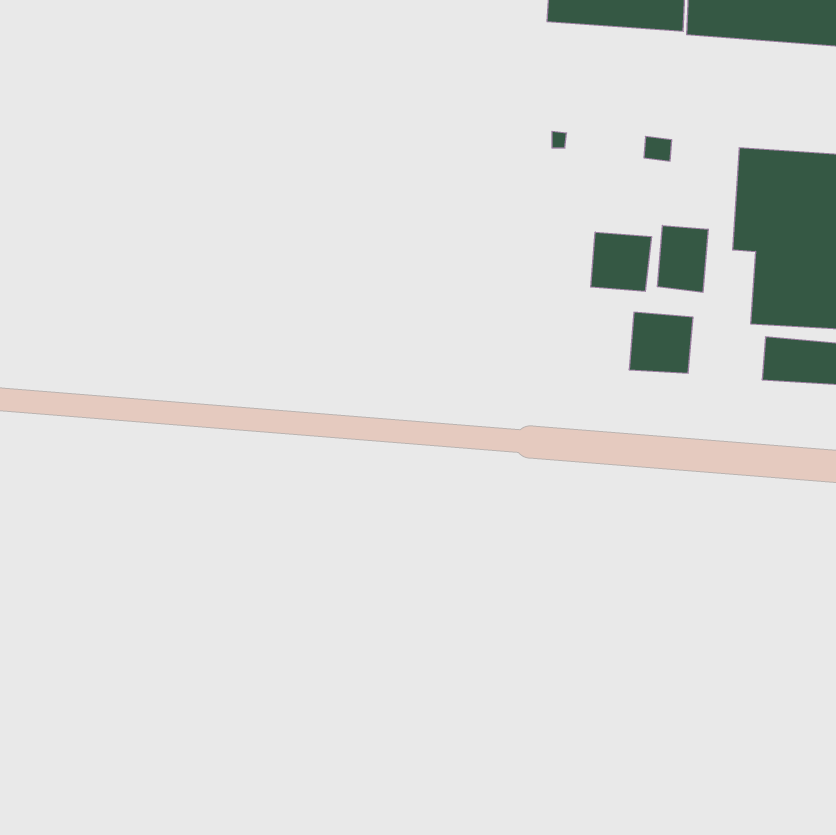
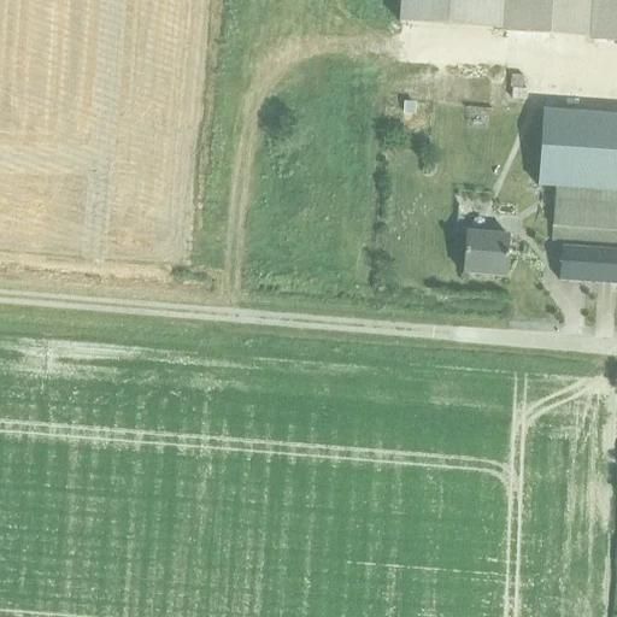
building: [657,225,708,292] -> none
building: [591,232,651,291] -> none

